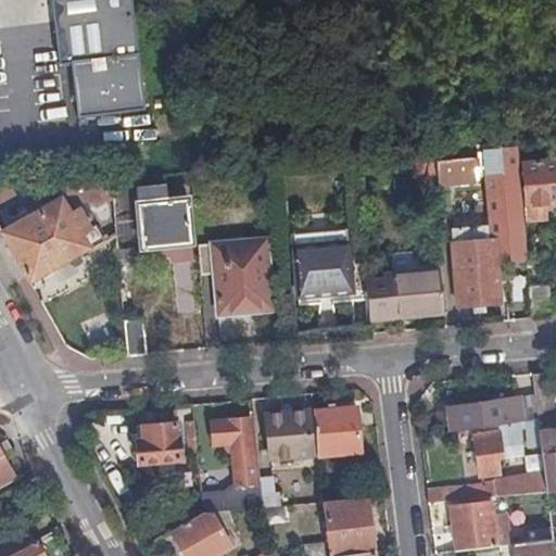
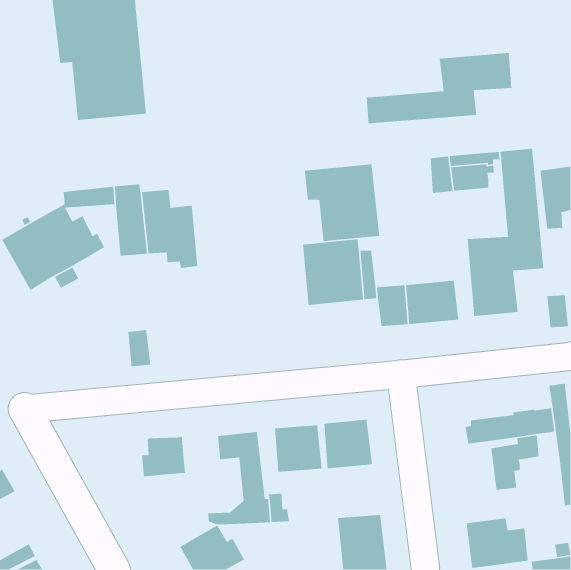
building: none -> [366,52,512,124]
building: [201,239,275,315] -> [304,164,380,242]
building: [428,453,547,503] -> none

